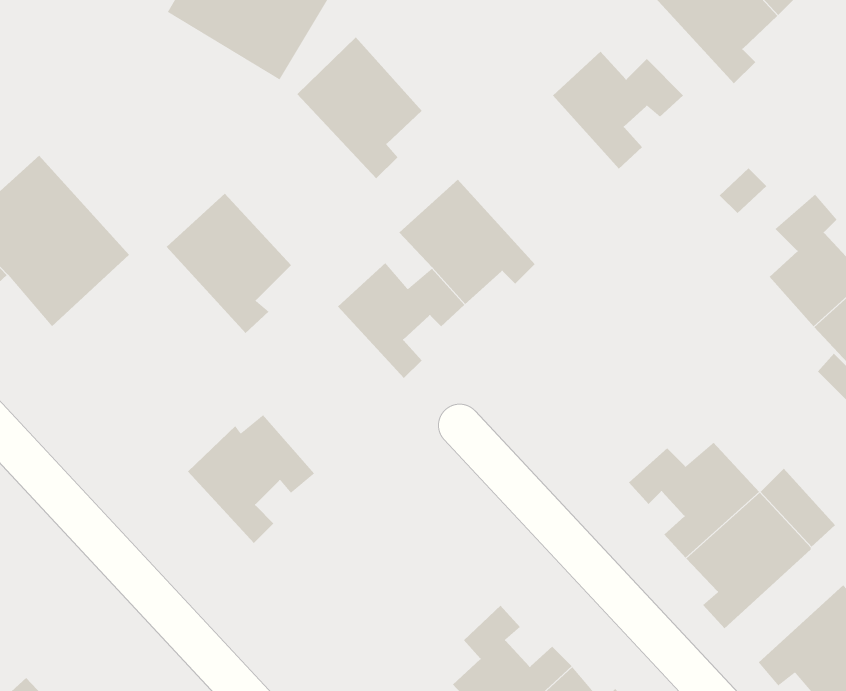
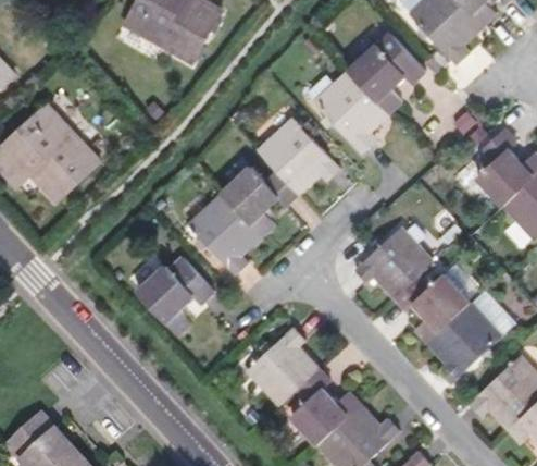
building: [296,37,422,179] -> [314,69,388,152]
building: [166,193,292,334] -> [188,193,262,275]
building: none -> [353,225,434,296]
building: none -> [248,326,319,403]

